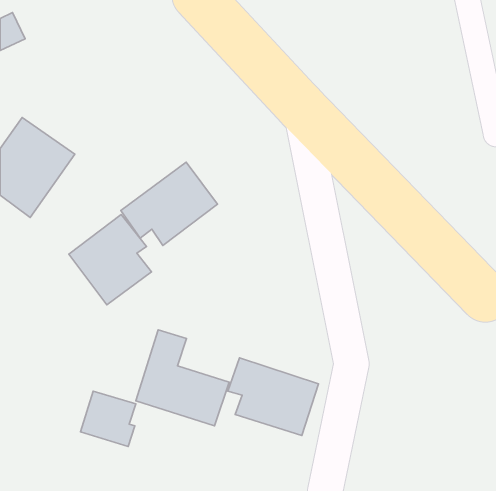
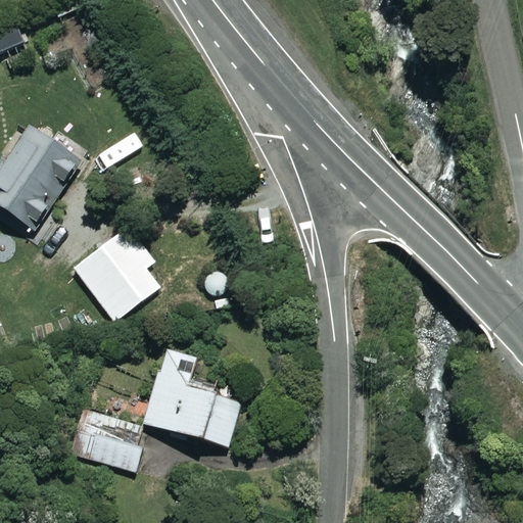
building: [121,162,218,245] -> none
building: [228,358,319,435] -> none

